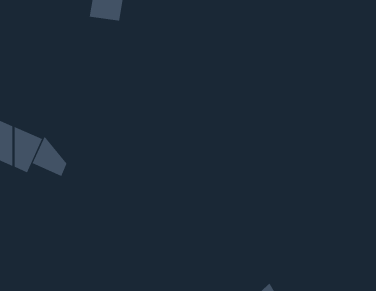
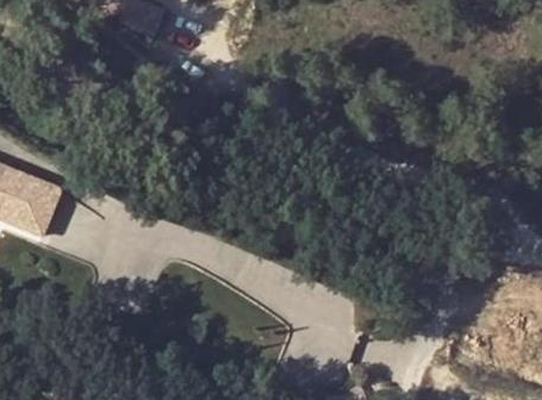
building: [32,136,67,177] -> none

